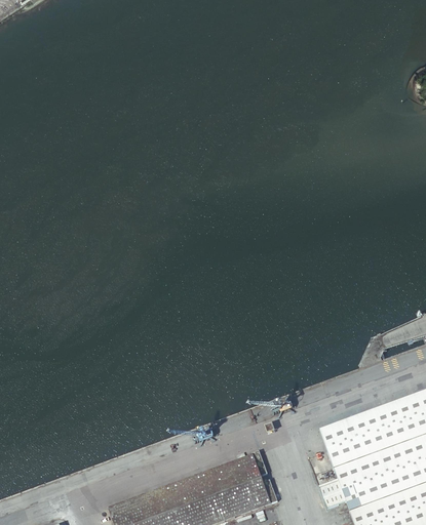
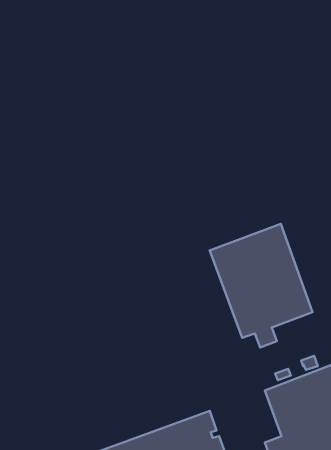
building: none -> [209,224,312,348]

